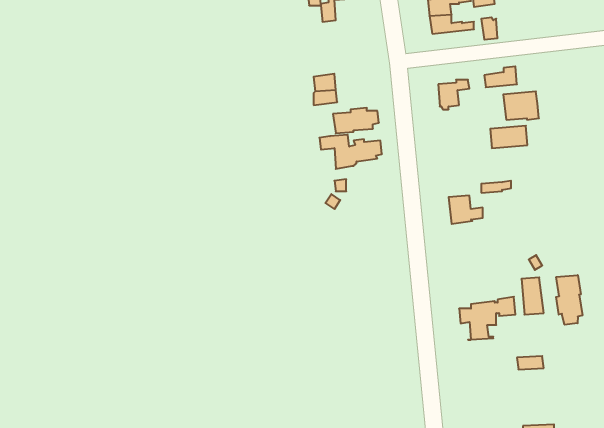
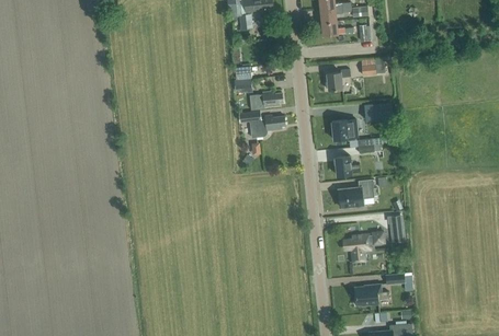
building: [503,91,539,120] -> [331,119,358,140]
building: none -> [338,179,374,207]
building: [556,275,582,325] -> none
building: none -> [353,283,388,305]

